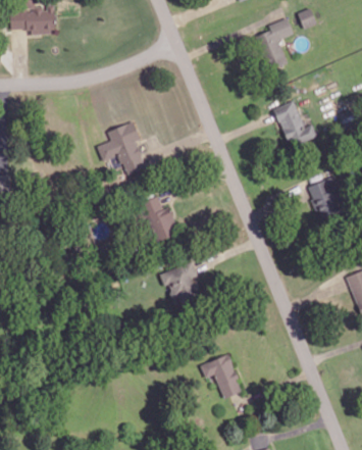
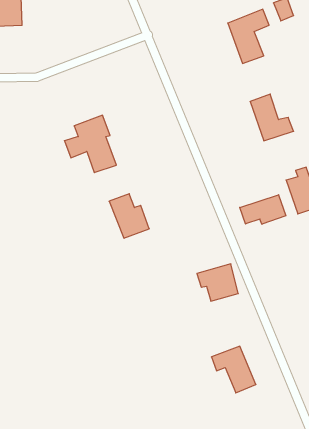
building: none -> [240,195,286,224]
building: [159,262,199,298] -> [197,264,238,301]
building: [200,354,243,399] -> [211,346,256,393]

